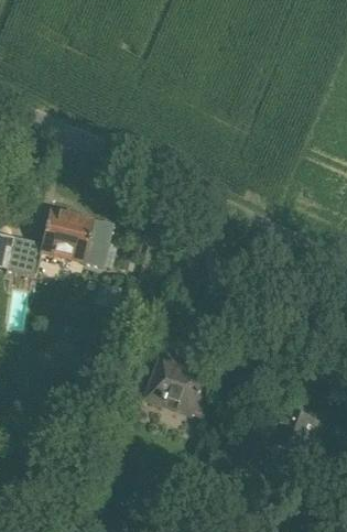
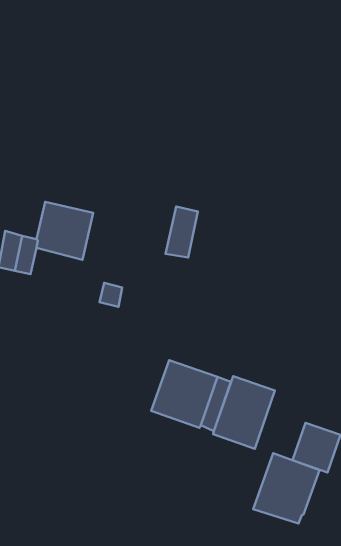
building: [83,219,112,265] -> [165,207,198,257]
building: none -> [213,376,275,449]
building: none -> [253,453,319,523]

